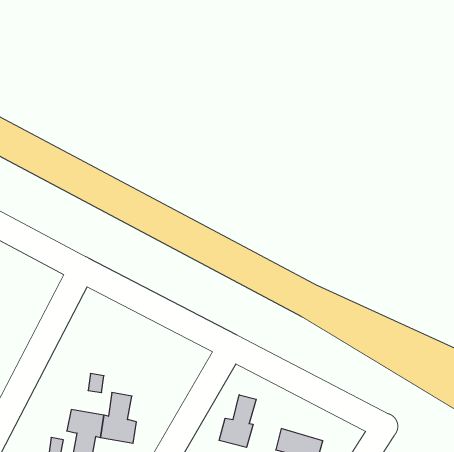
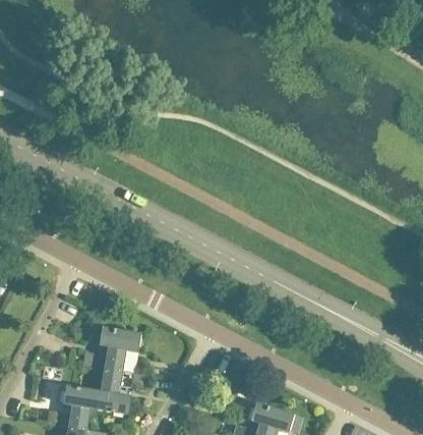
building: none -> [99,326,139,372]
building: [219,395,256,447] -> none

